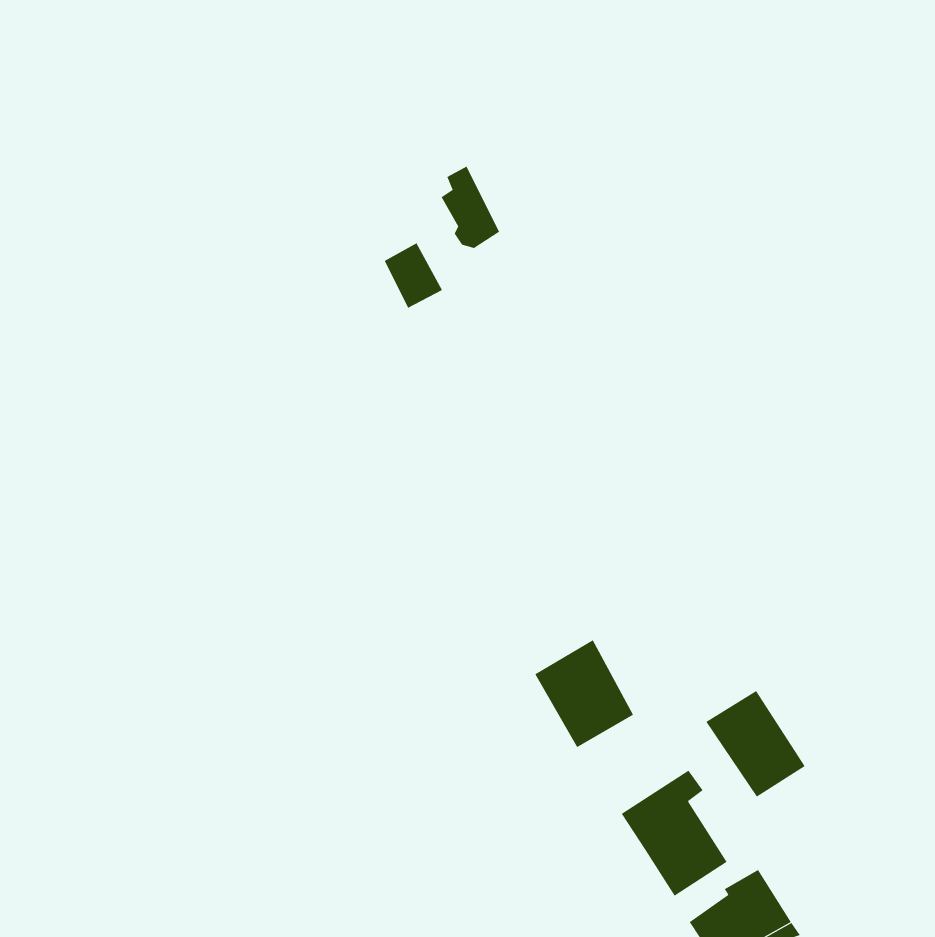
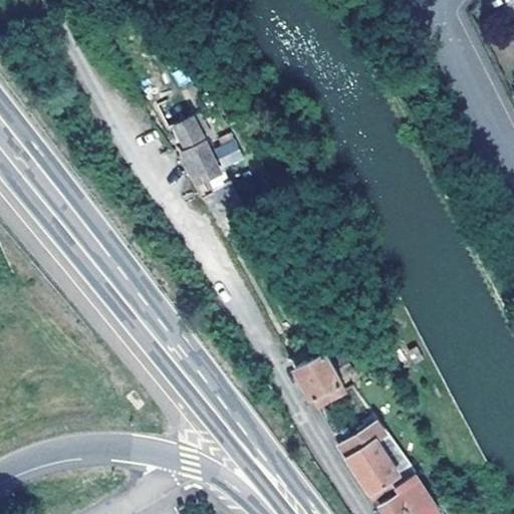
building: [441,166,500,249] -> [183,134,215,179]
building: [706,690,805,797] -> none

